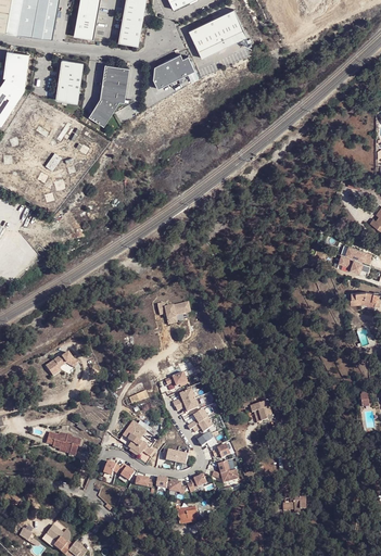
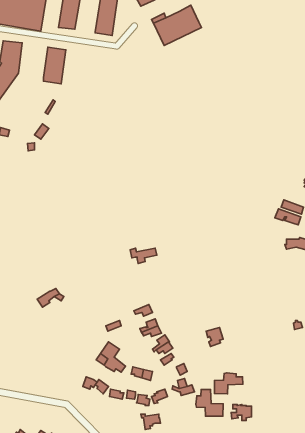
building: [153,53,195,87] -> none
building: [89,64,129,126] -> none
building: [45,431,80,454] -> none
building: none -> [214,373,243,394]
building: none -> [196,390,223,416]

